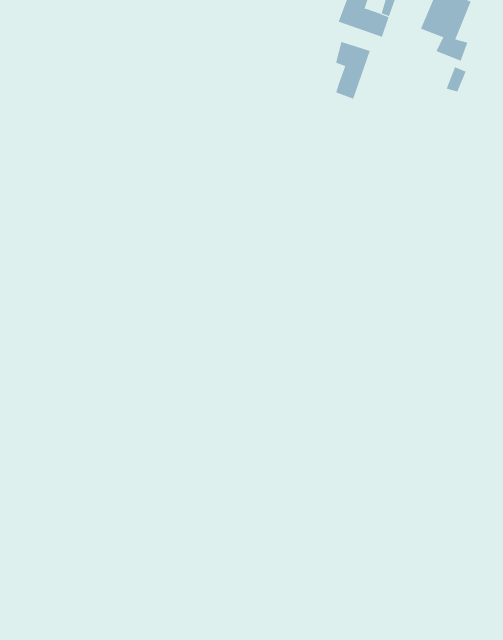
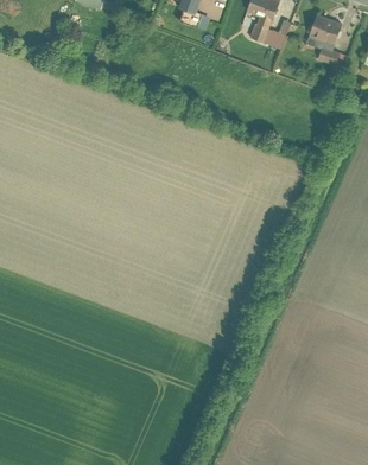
building: [335,41,371,99] -> none

